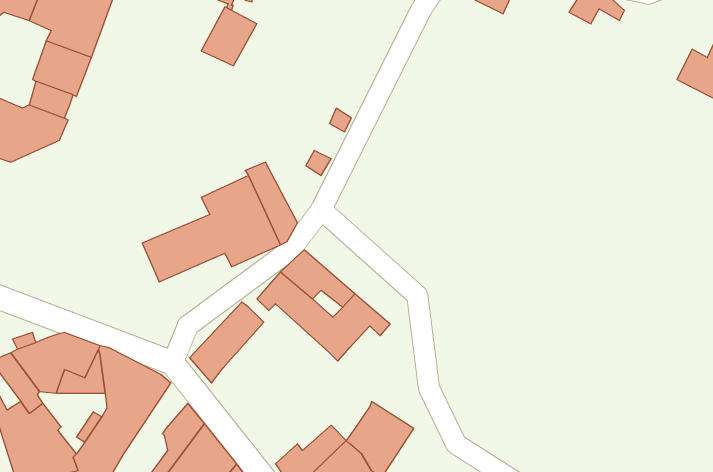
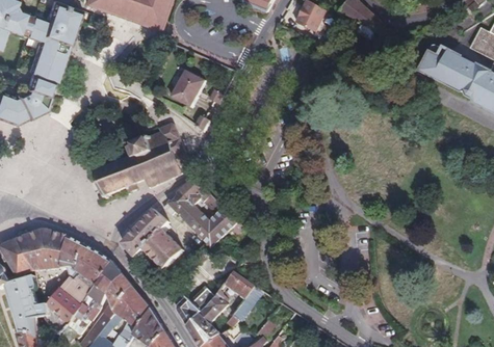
building: [201,7,257,66] -> [170,72,204,108]
building: none -> [142,221,182,269]
building: none -> [81,259,121,309]

